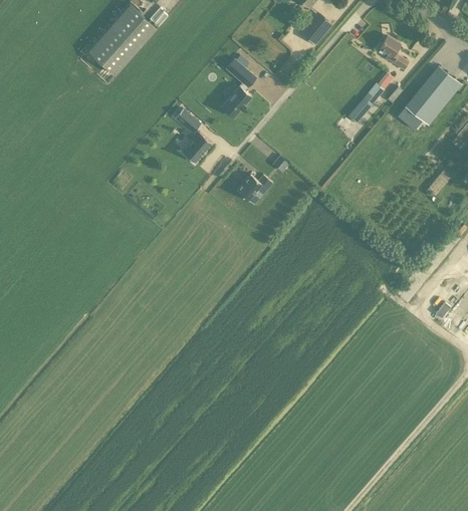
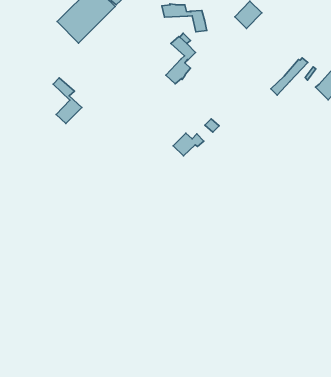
building: none -> [162,4,207,32]
building: [380,35,409,68] -> none
building: [175,108,211,163] -> [53,78,82,123]

